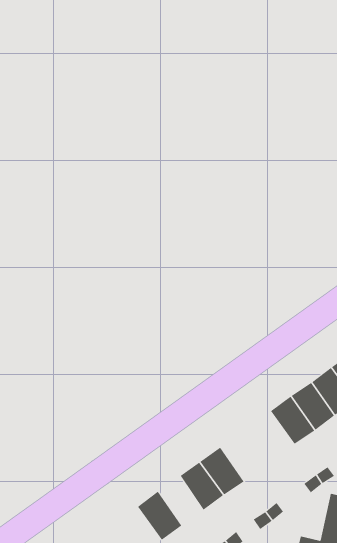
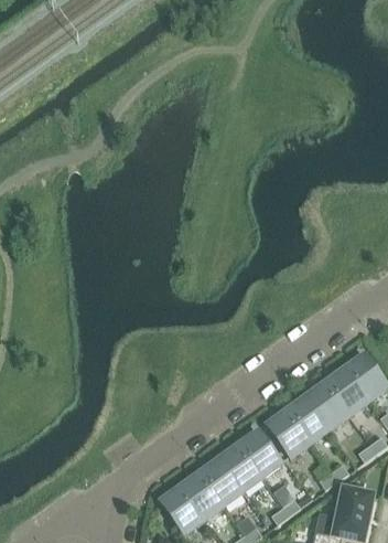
building: none -> [268,409,311,457]
building: none -> [240,429,282,477]
building: none -> [181,471,224,519]

